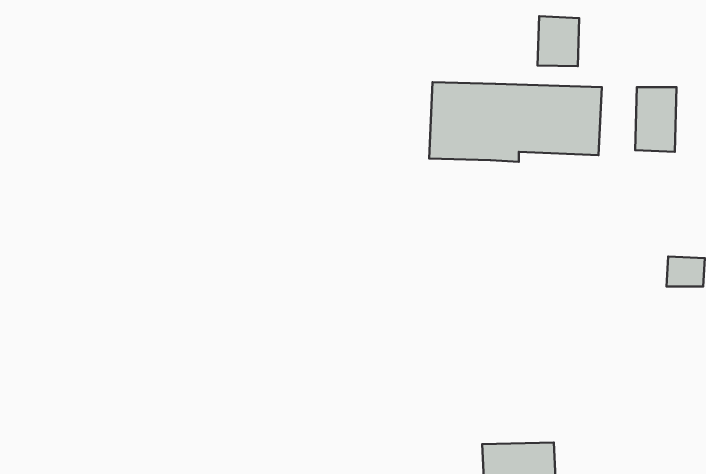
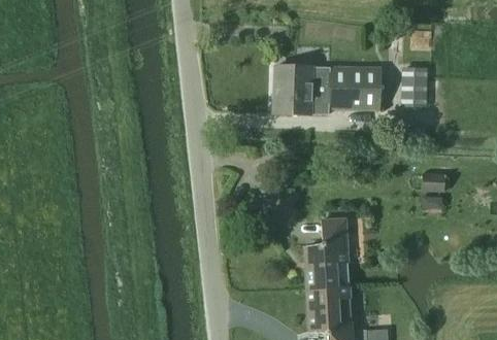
building: [538,16,579,66] -> none
building: none -> [305,218,352,290]

